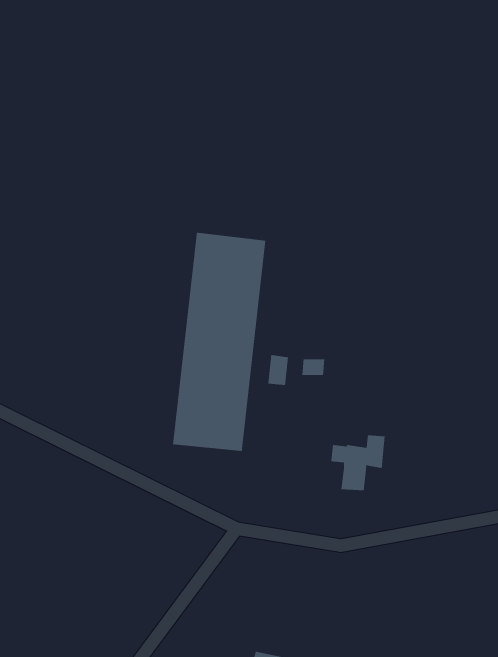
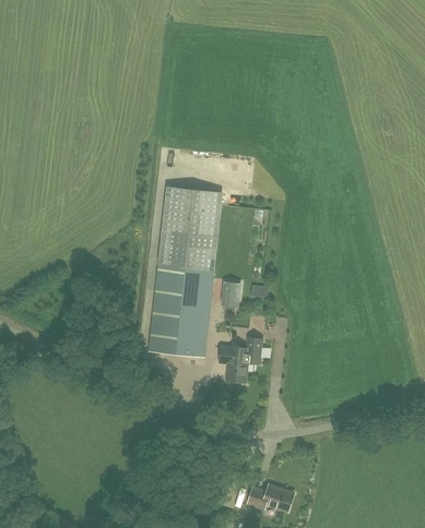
building: [331,435,385,491] -> [219,338,261,382]
building: none -> [248,487,293,511]

